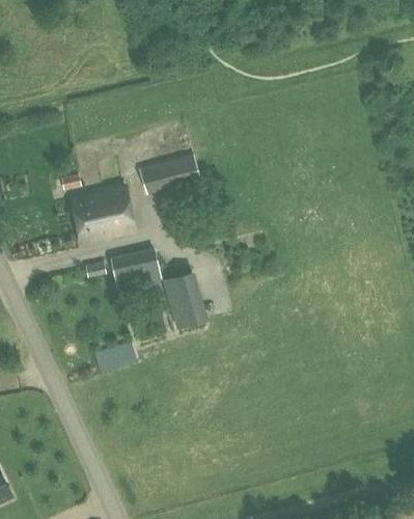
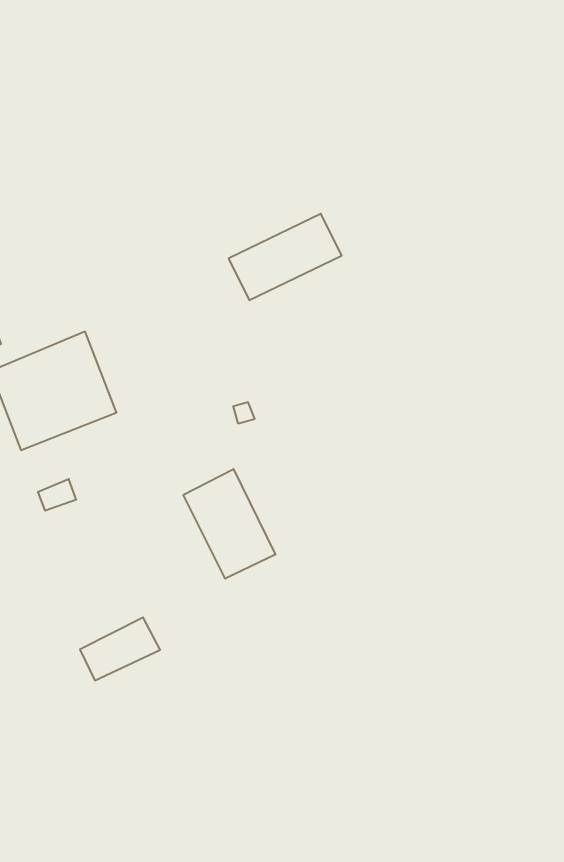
building: [140,155,200,194] -> [229,214,342,300]
building: [112,252,161,290] -> none

